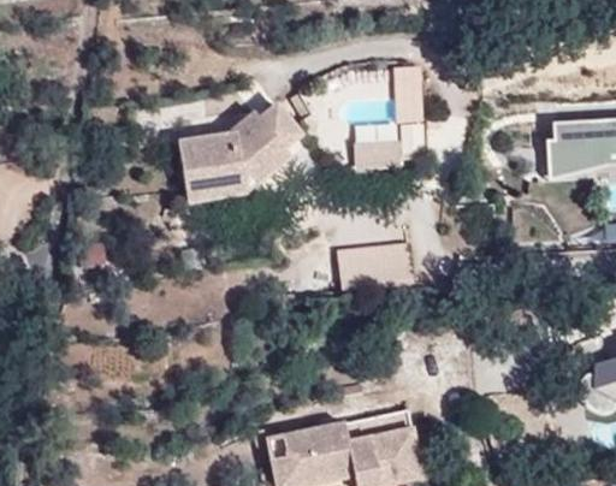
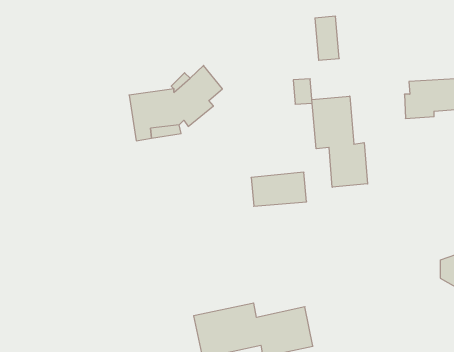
building: [390,58,422,117] -> [315,16,339,60]
building: [354,140,401,170] -> none
building: none -> [312,96,368,187]

